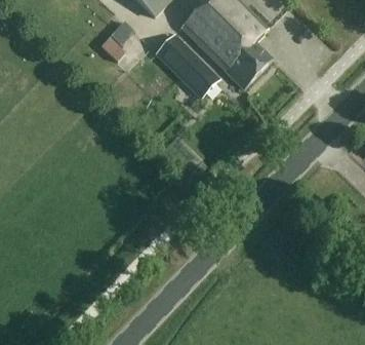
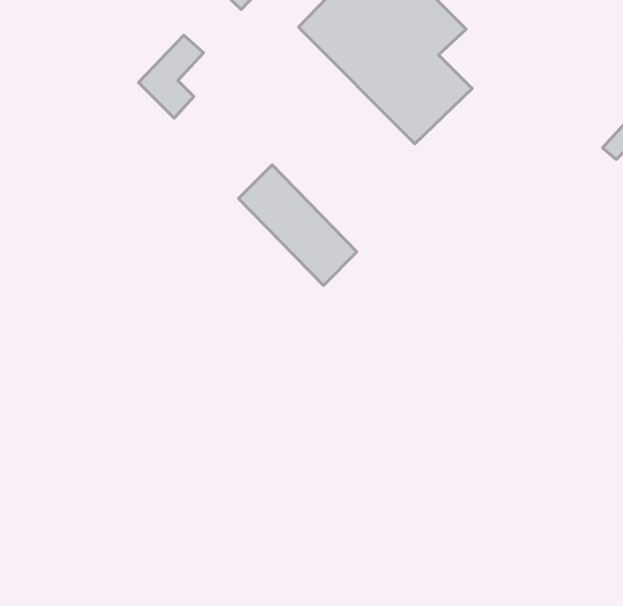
building: [156,33,217,95] -> [238,165,357,285]

